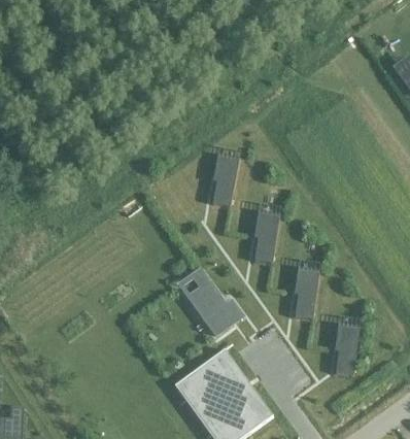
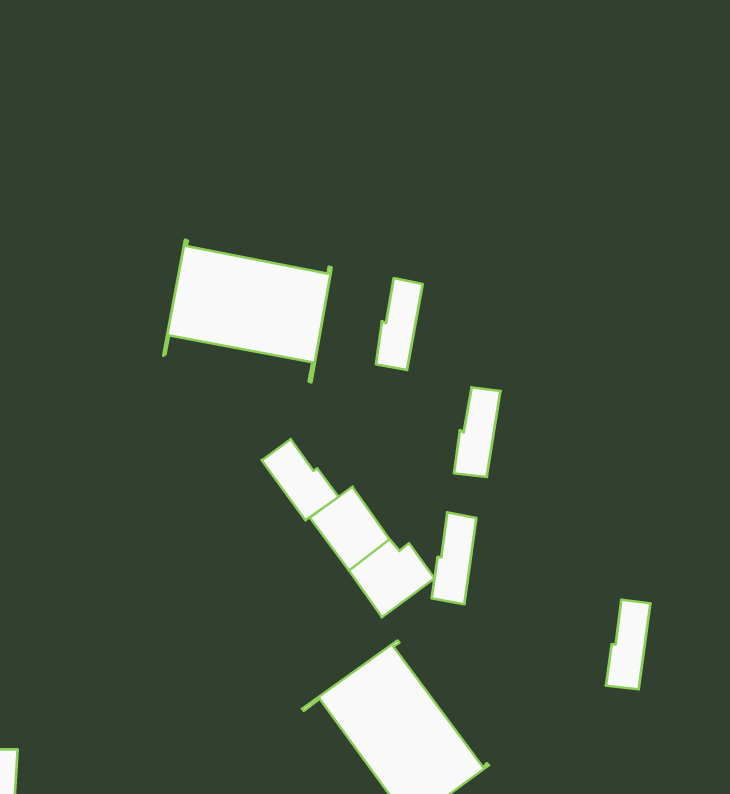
building: none -> [163,240,331,382]
building: none -> [262,439,338,520]
building: [294,271,317,319] -> [432,512,476,604]

